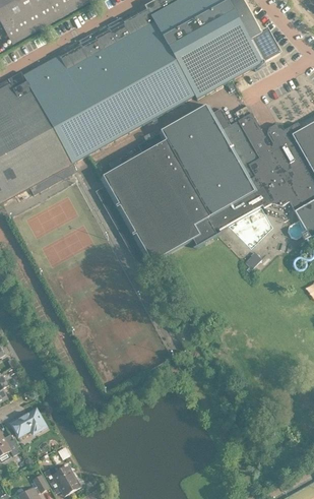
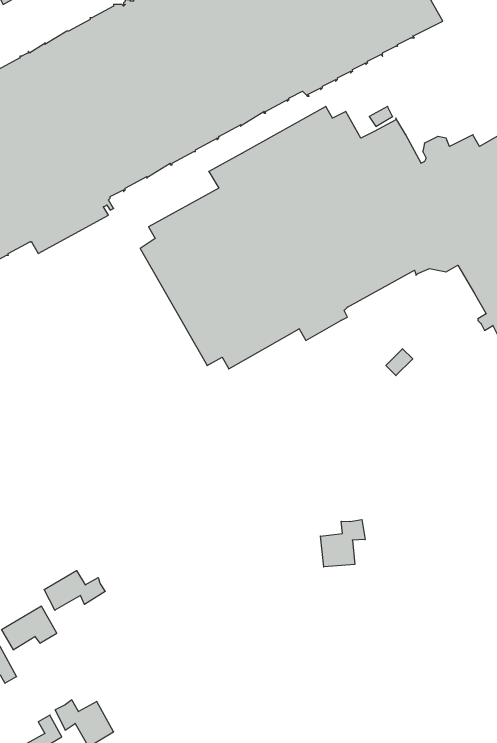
building: none -> [320,520,365,567]
building: none -> [44,571,105,610]

